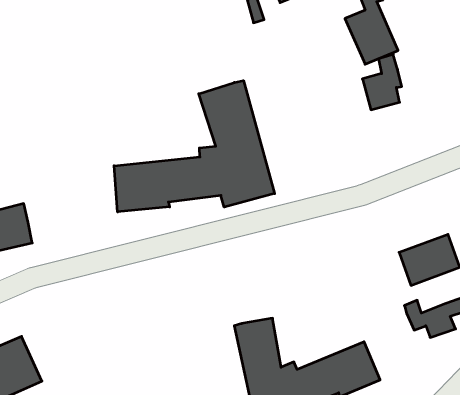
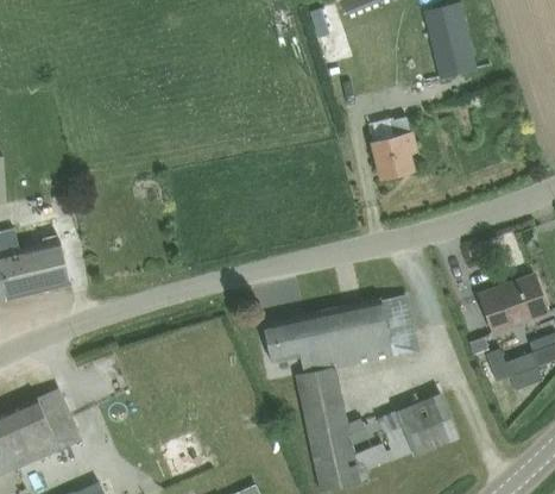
building: [362,54,402,110] -> [371,117,415,179]
building: [114,81,275,212] -> none
building: none -> [261,296,415,375]

